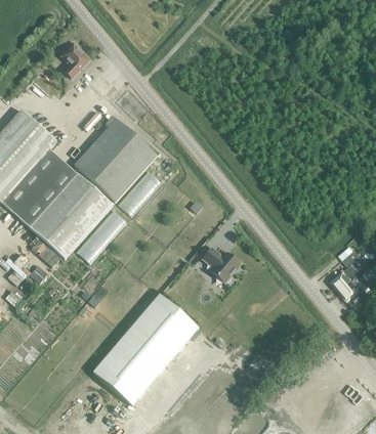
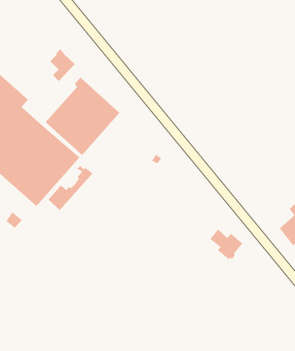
building: [61,40,90,77] -> [49,48,76,82]
building: [203,246,240,280] -> [210,229,243,260]
building: [93,293,199,404] -> none

